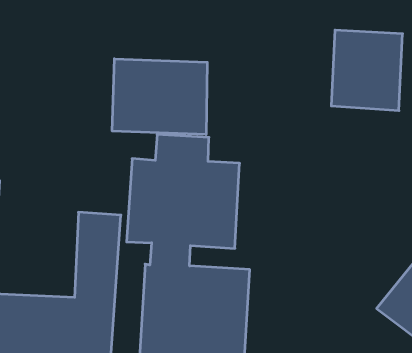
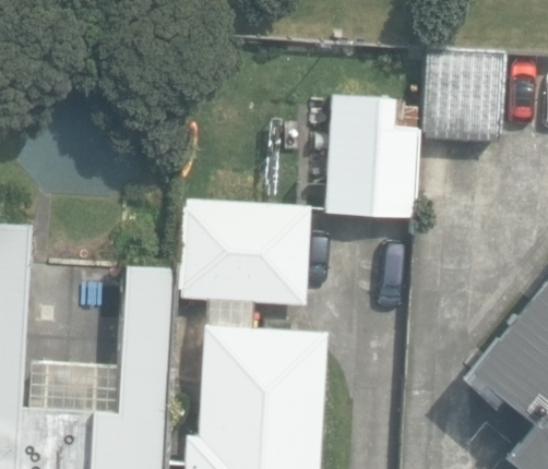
building: [112,59,207,135] -> none
building: none -> [325,97,417,217]

